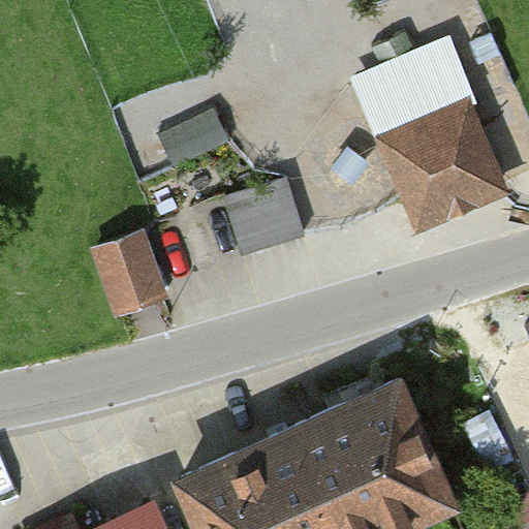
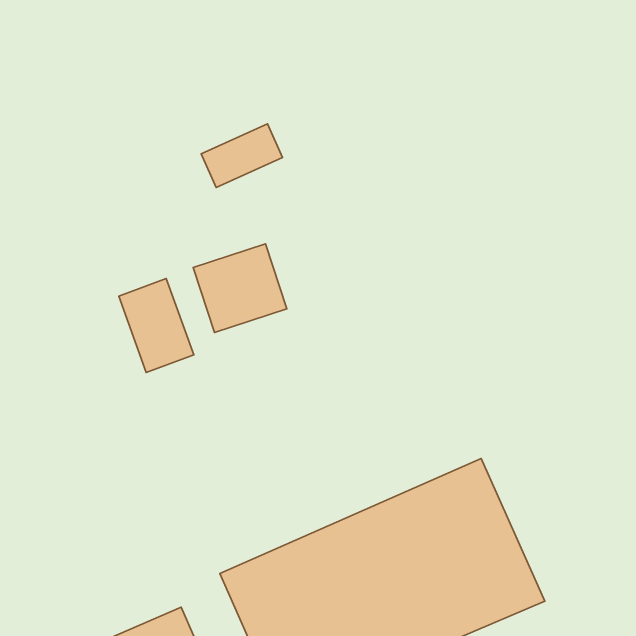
building: [366,60,499,221] -> none
building: [225,179,303,252] -> [193,244,287,333]

